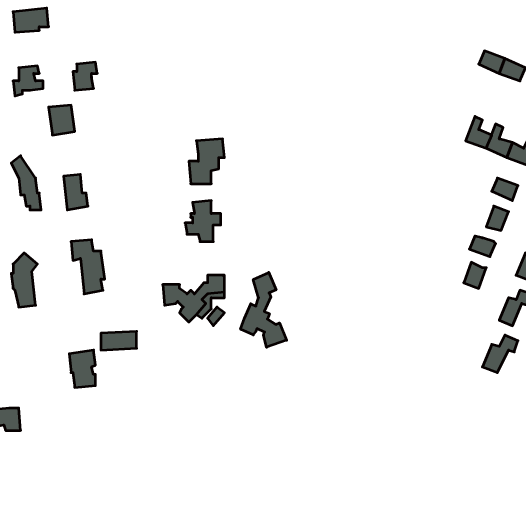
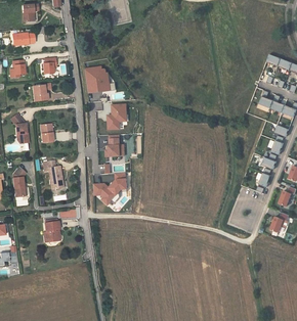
building: none -> [86,65,113,92]
building: [241,272,287,347] -> none

